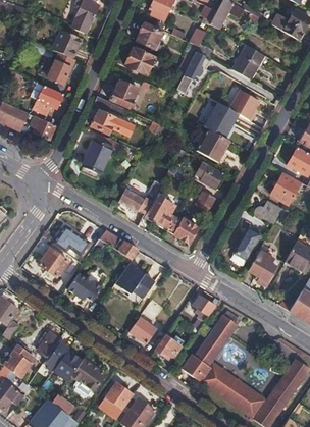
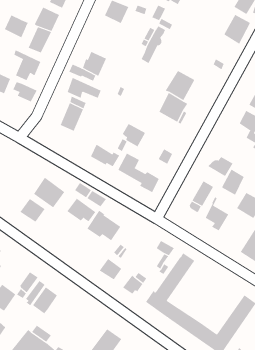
building: none -> [4,14,28,38]
building: [232,45,264,79] -> [223,14,251,44]
building: [125,46,155,73] -> none
building: [229,90,259,120] -> none
building: [196,161,223,189] -> [122,123,146,147]
building: [271,173,298,204] -> [221,169,244,196]
building: [67,273,101,301] -> [67,198,96,222]
building: [70,358,105,396] -> none
building: [101,383,132,417] -> none

